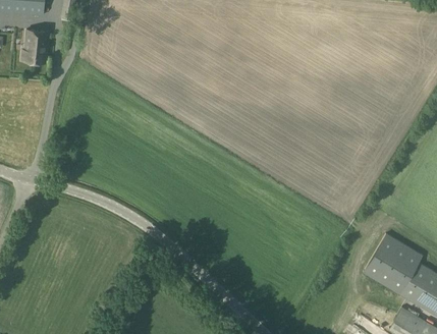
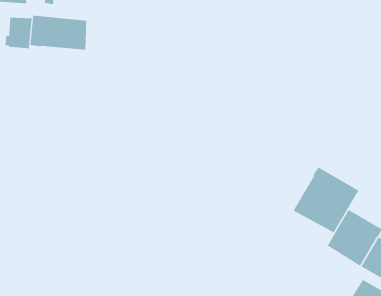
building: none -> [30,15,87,51]
building: none -> [293,167,359,233]

